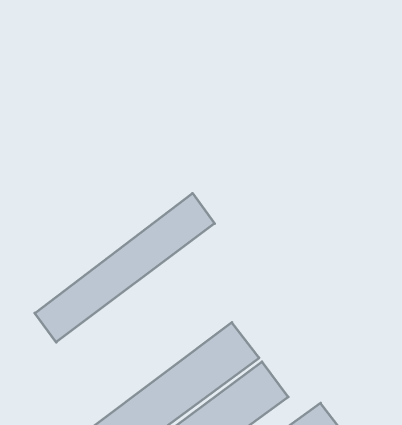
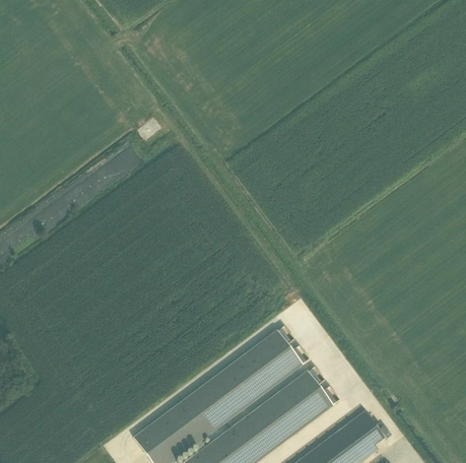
building: [35,193,215,342] -> none

